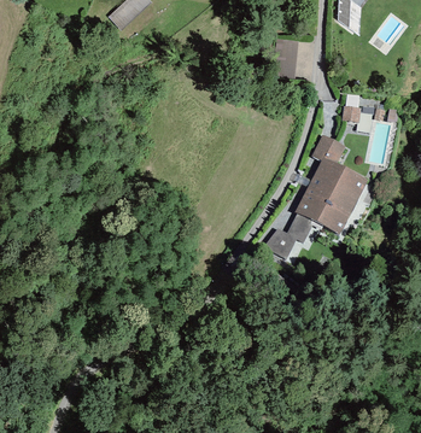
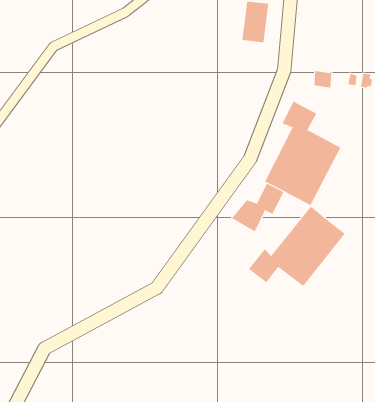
building: none -> [248,206,345,287]

